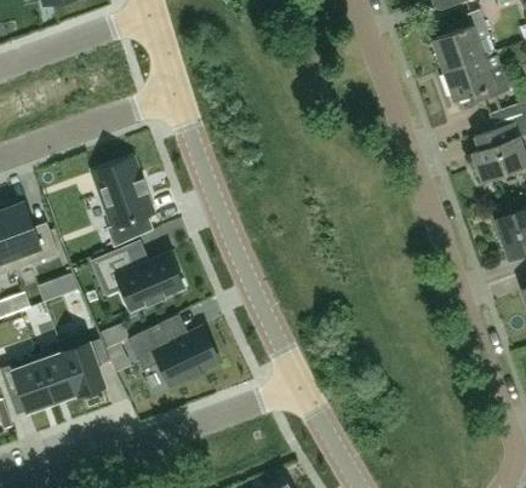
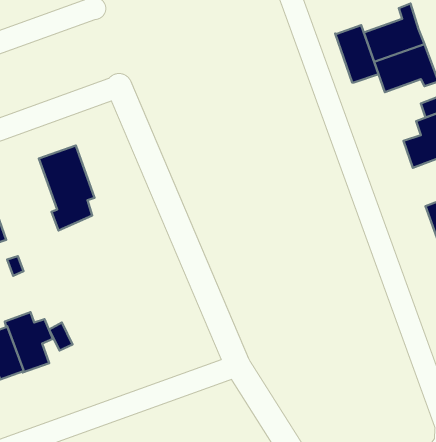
building: none -> [335,25,378,83]
building: [92,247,184,311] -> none
building: [128,323,218,385] -> none

